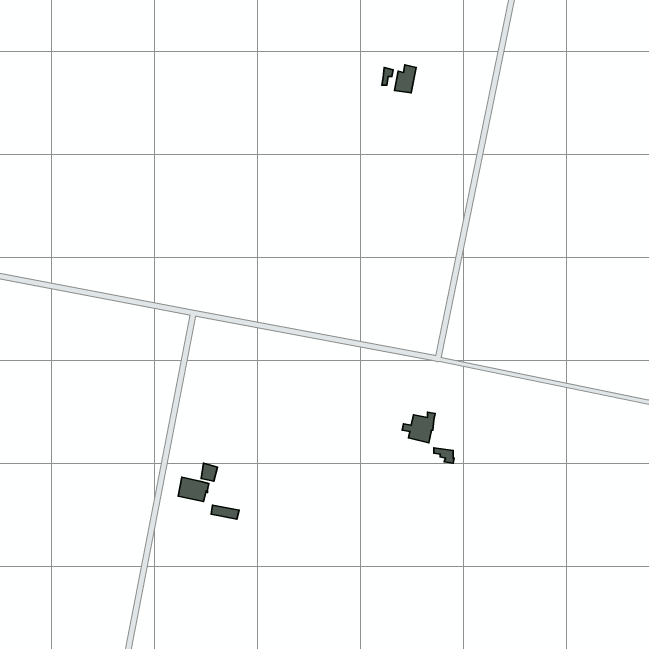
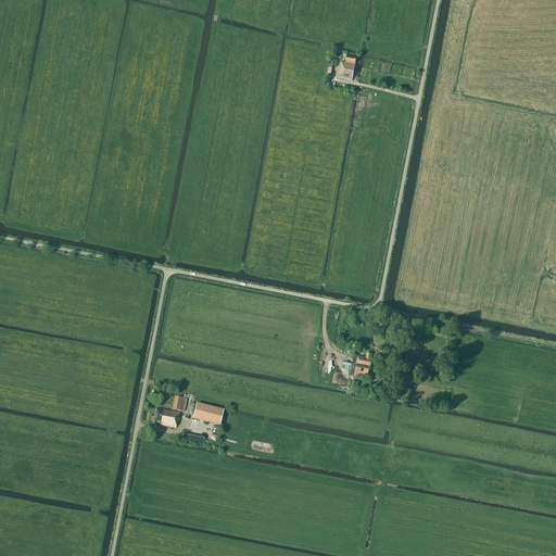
building: none -> [191,402,223,425]

